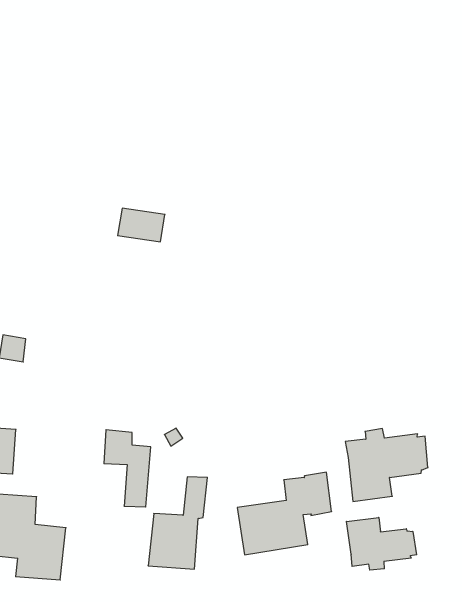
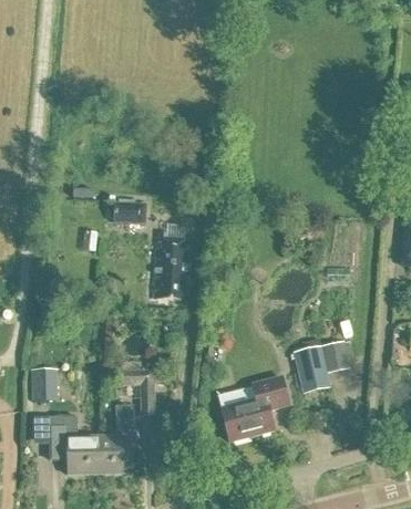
building: none -> [154,224,189,299]
building: [148,477,207,569] -> [100,405,135,472]
building: [346,517,417,570] -> none

